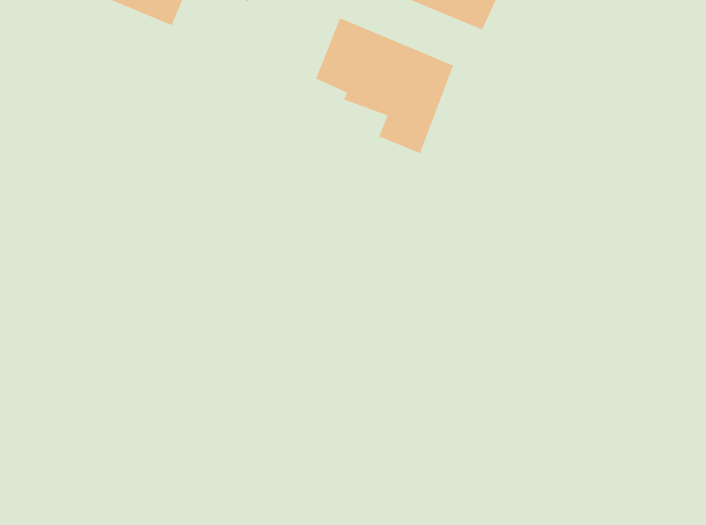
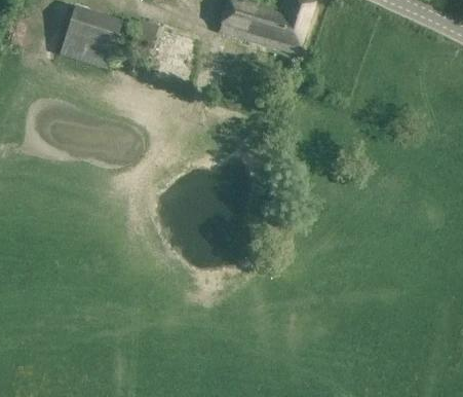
building: [315,17,454,154] -> none

